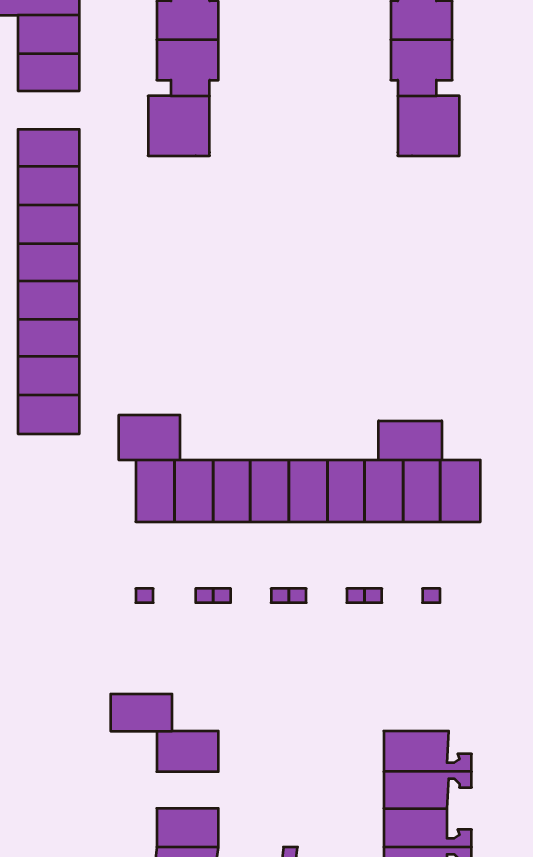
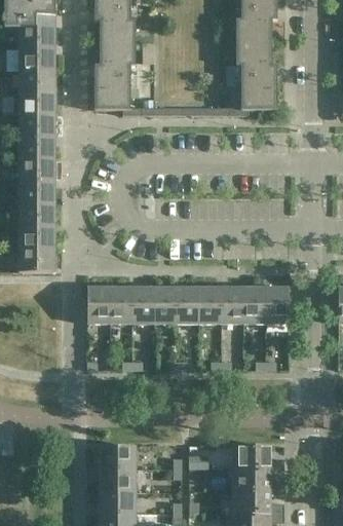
building: none -> [18,71,54,93]
building: [119,415,180,460] -> none
building: [379,421,442,460] -> none
building: [111,694,172,731] -> [100,468,136,490]

